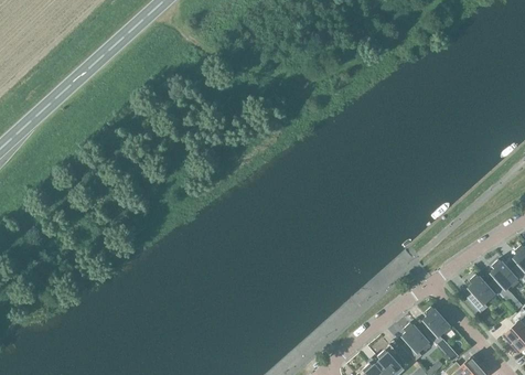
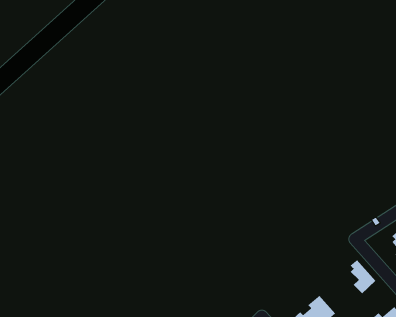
building: [403,322,431,360] -> none

